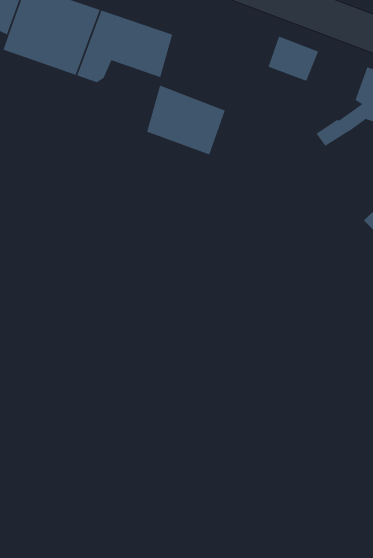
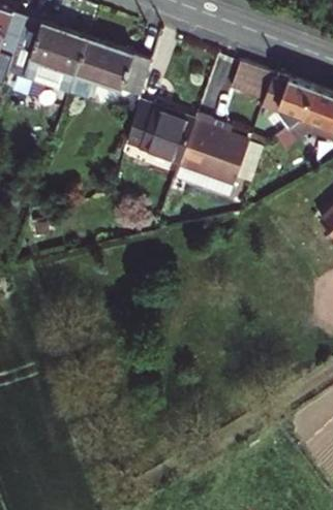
building: none -> [263,72,315,132]
building: none -> [180,117,266,191]

